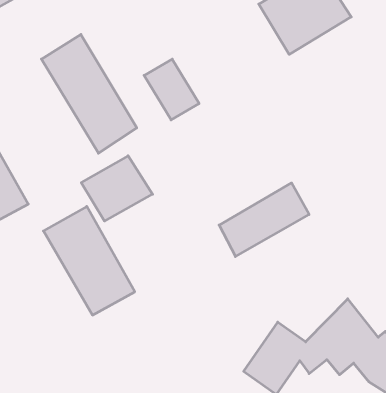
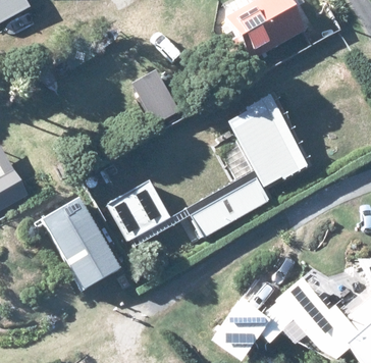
building: [41,34,137,153] -> none
building: none -> [218,100,308,189]
building: [81,156,153,221] -> [108,186,170,243]

